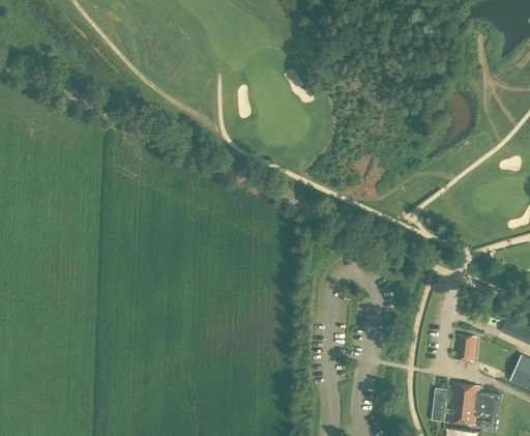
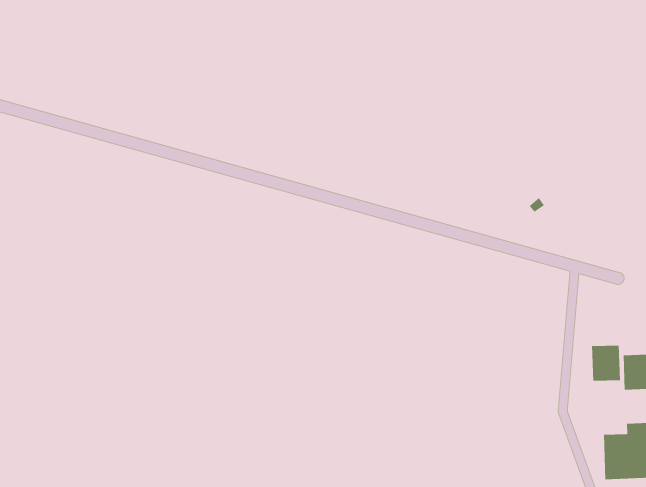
building: none -> [592,345,620,382]

